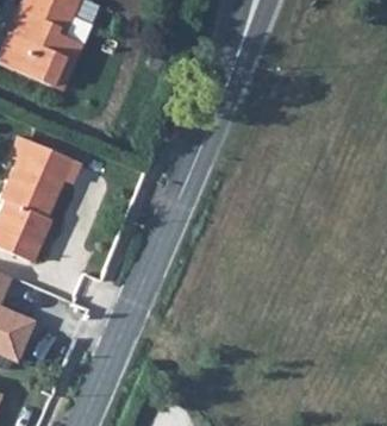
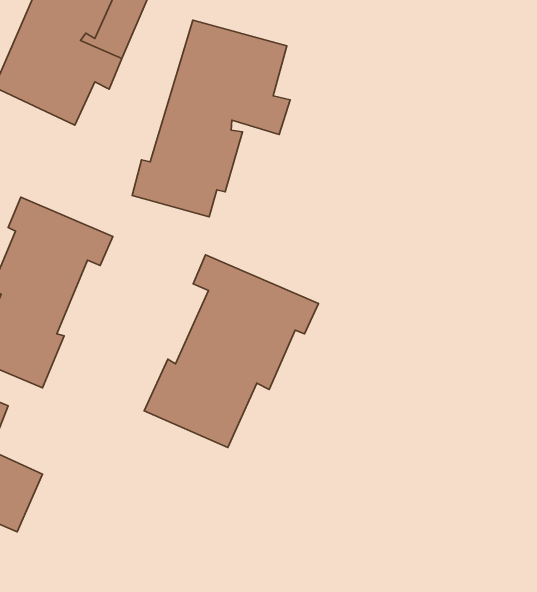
building: none -> [132,20,290,217]
building: none -> [144,255,318,448]

